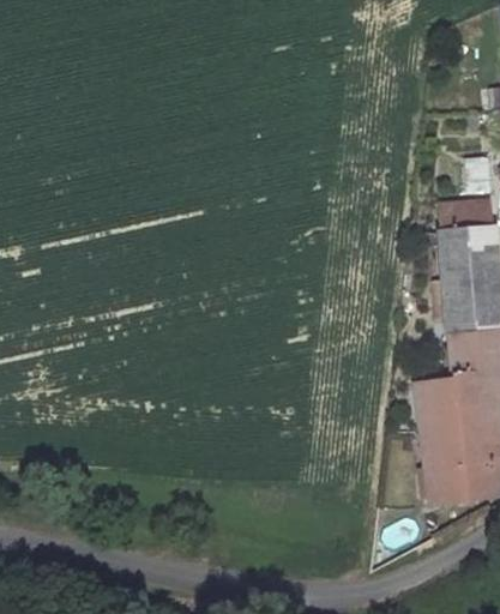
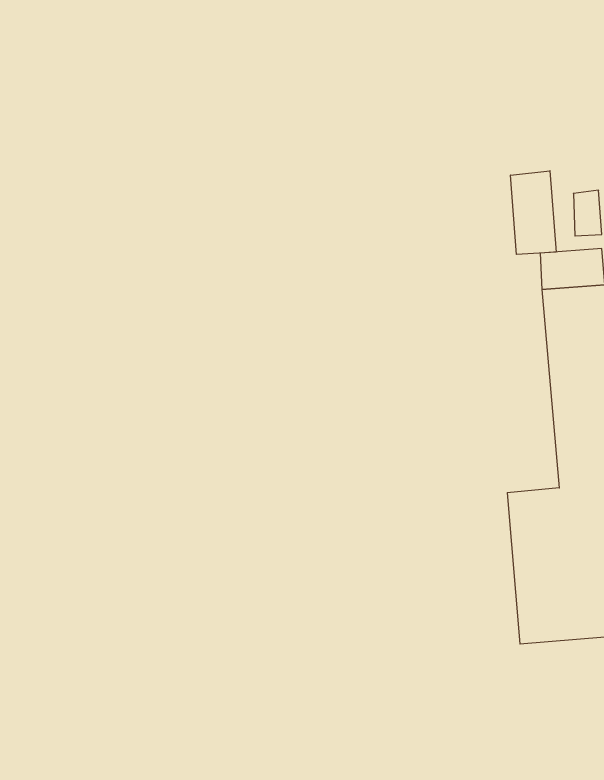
building: none -> [511,171,556,254]

